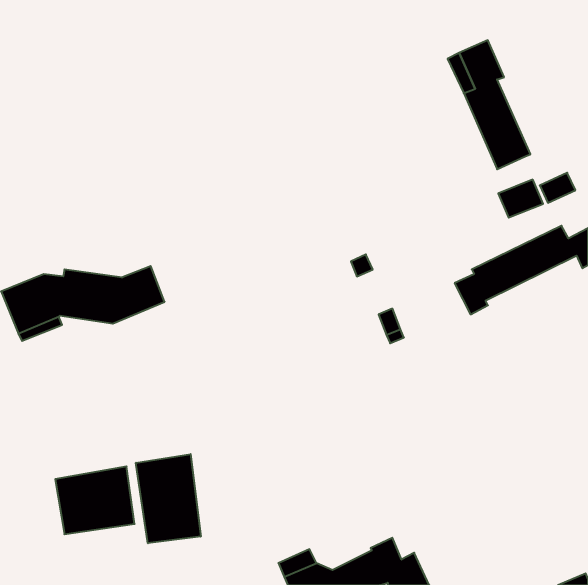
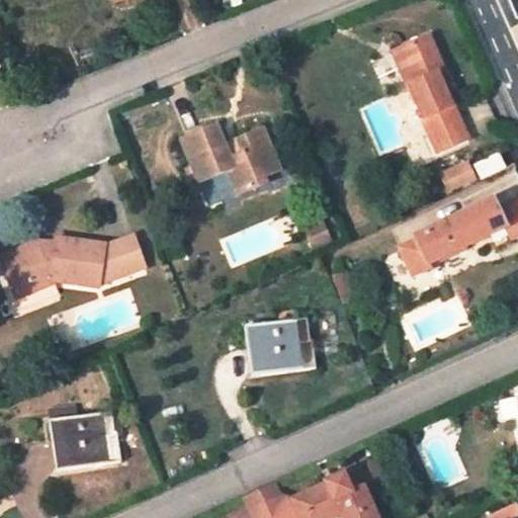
building: none -> [182,125,280,192]
building: none -> [245,319,312,374]
building: [136,454,201,543] -> none

